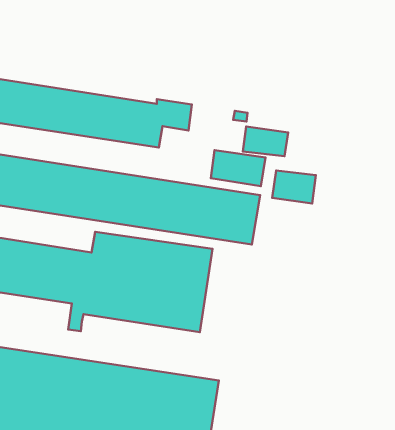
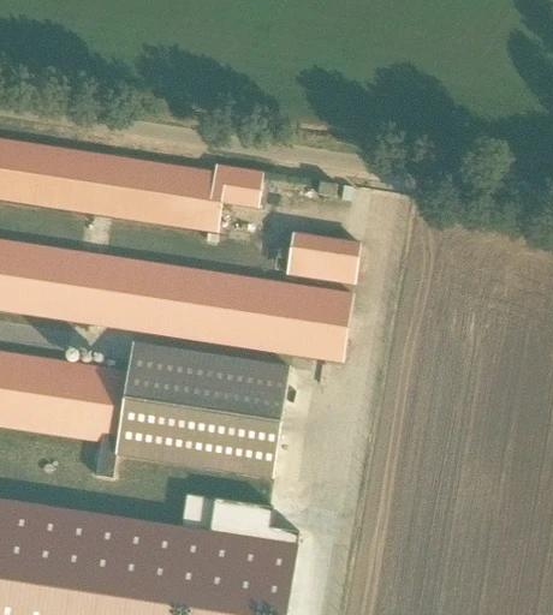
building: [243,127,288,156] -> none
building: [272,171,316,203] -> none

